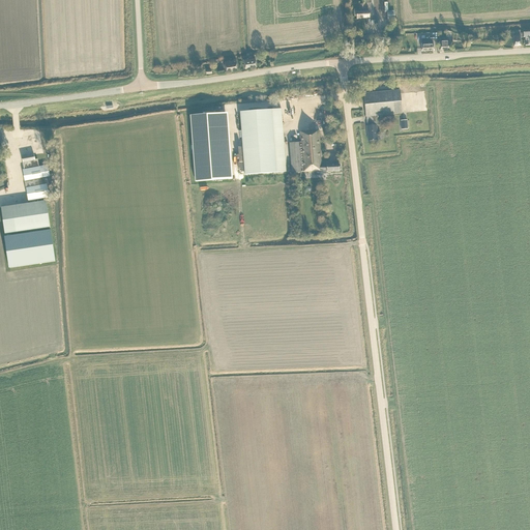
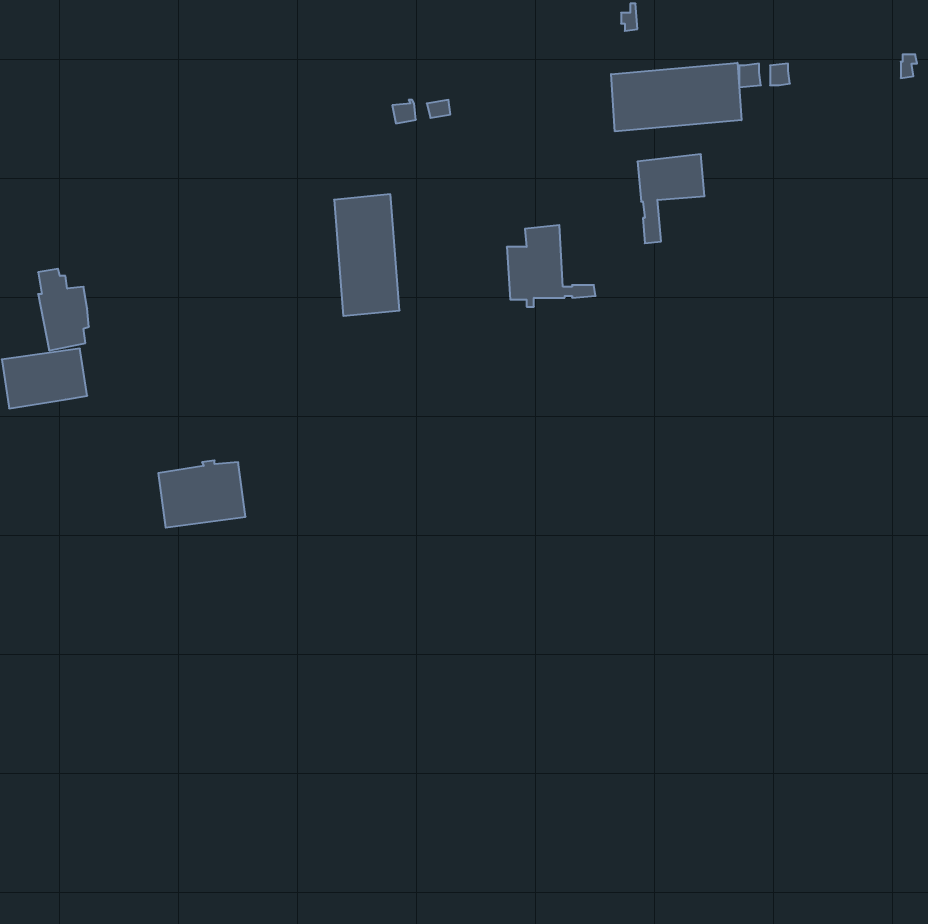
building: none -> [611,63,741,131]
building: [240,108,286,173] -> none
building: [5,228,55,266] -> [158,460,246,528]

